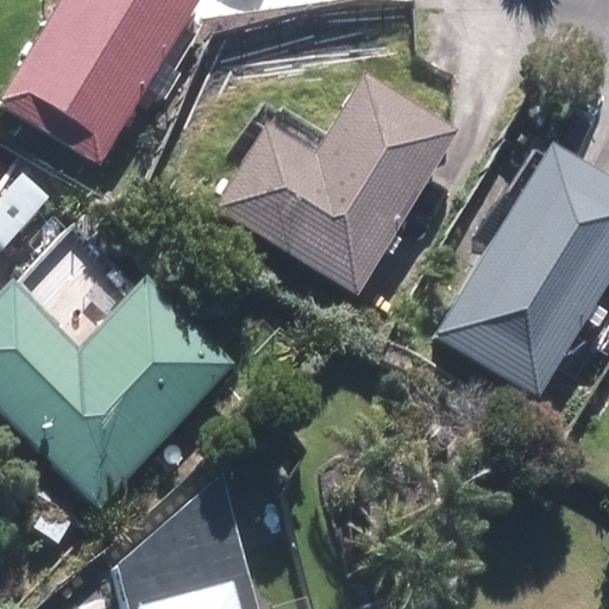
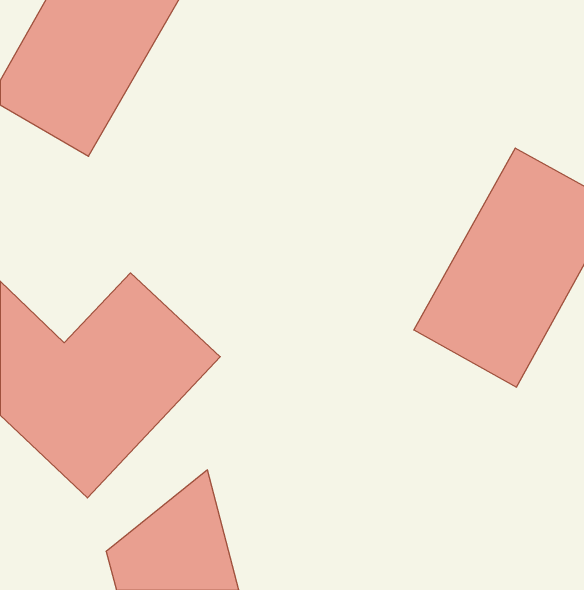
building: [215,79,453,294] -> none

